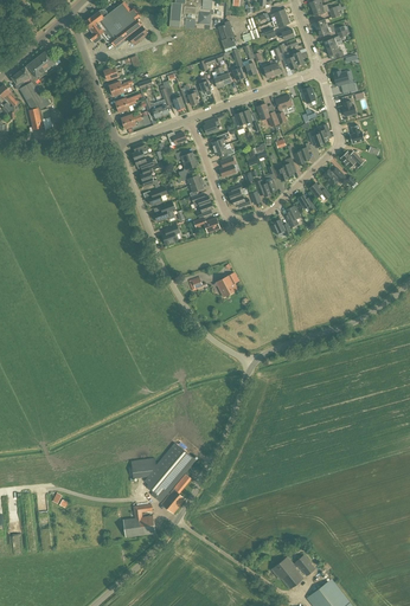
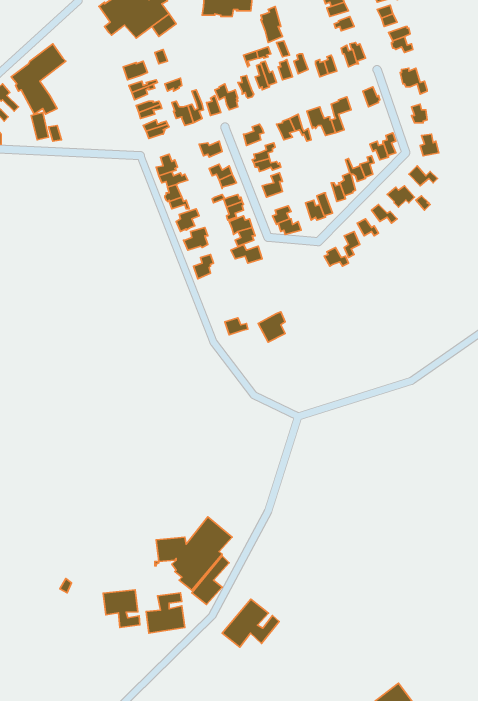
building: none -> [103,590,140,628]
building: none -> [222,599,279,647]
building: [273,555,315,588] -> none

